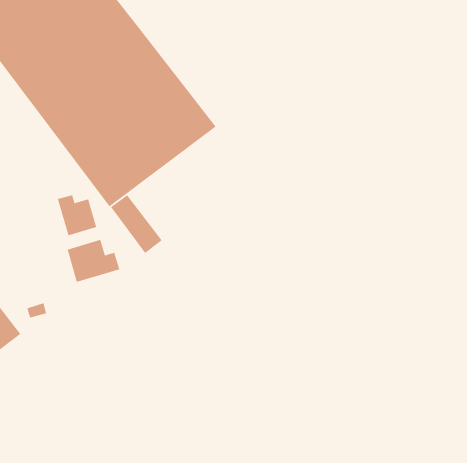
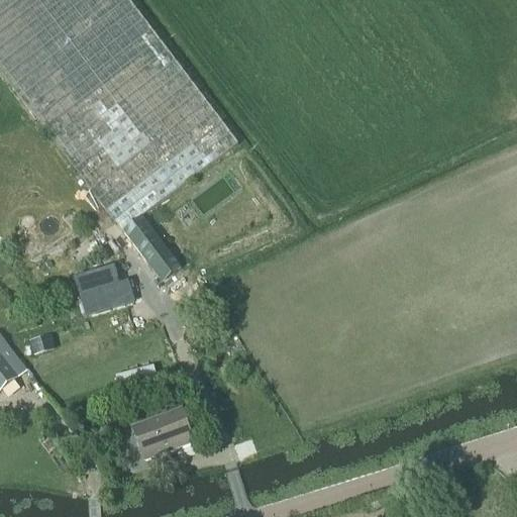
building: [57,194,97,236] -> none
building: none -> [130,407,193,458]

